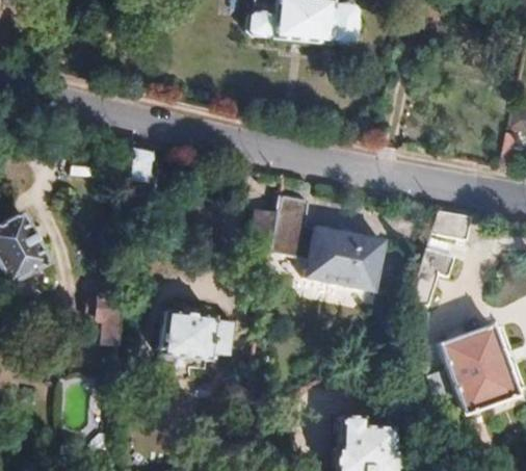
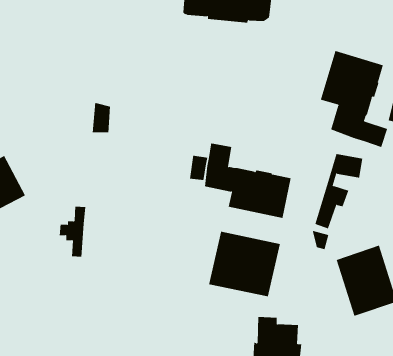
building: none -> [320,50,388,148]
building: none -> [209,231,280,297]
building: [161,310,235,361] -> none

